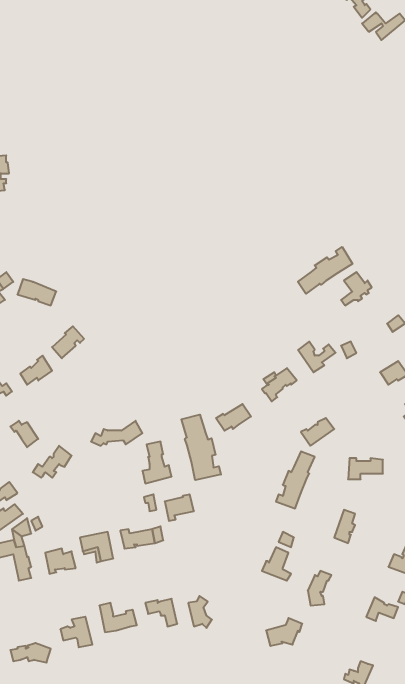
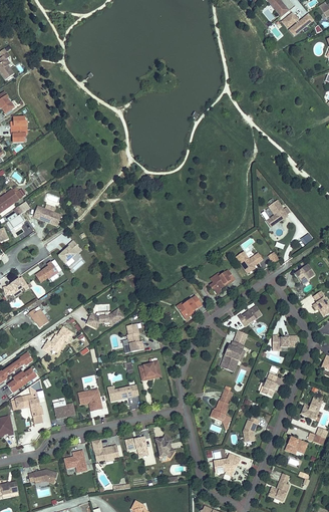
building: [298,247,352,294] -> none
building: [181,415,221,480] -> none

